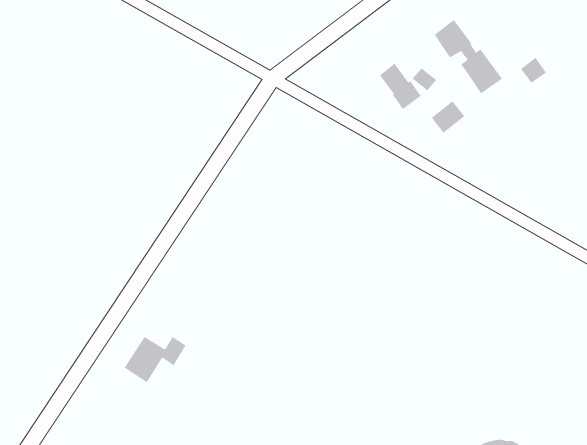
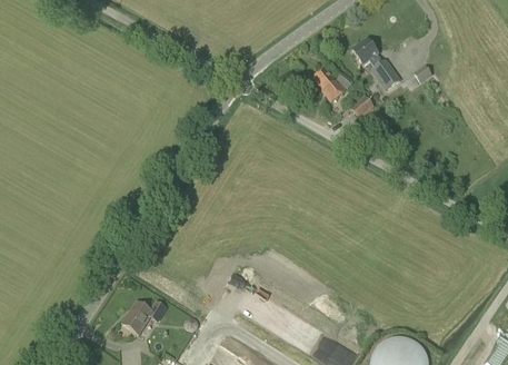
building: [124,336,186,383] -> [121,299,166,333]

